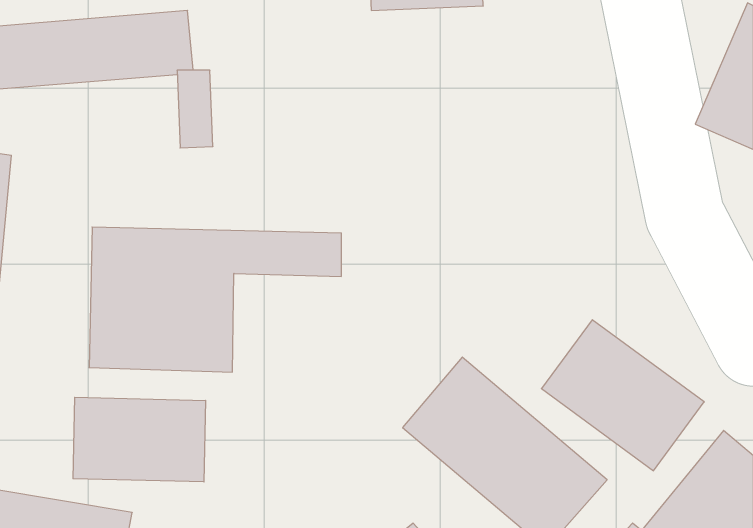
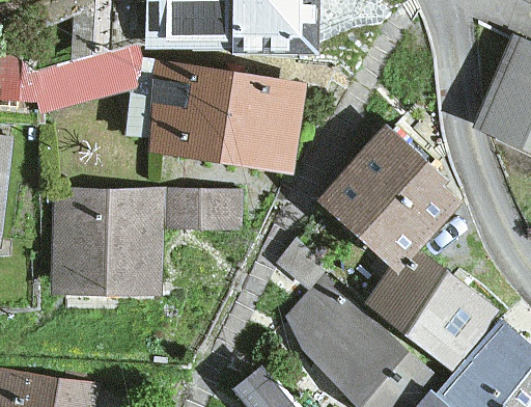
building: none -> [157,66,305,167]
building: none -> [335,134,448,255]
building: [73,397,206,482] -> none

